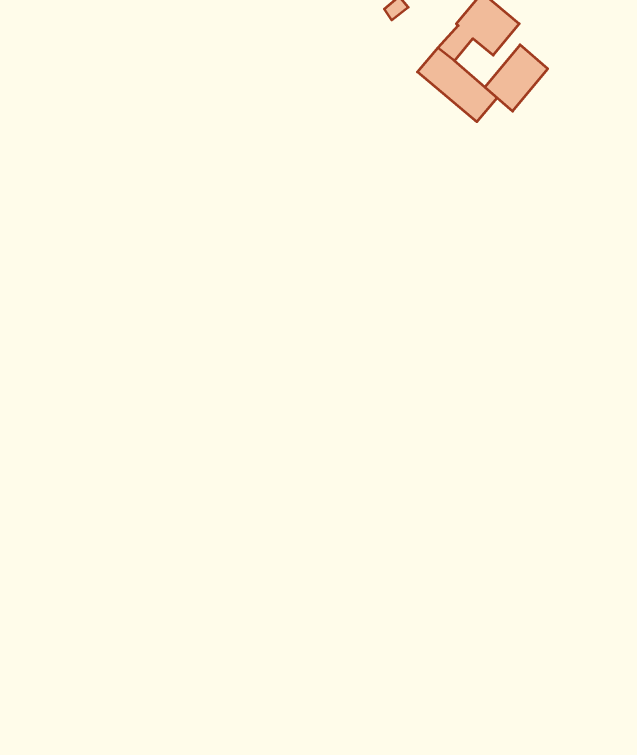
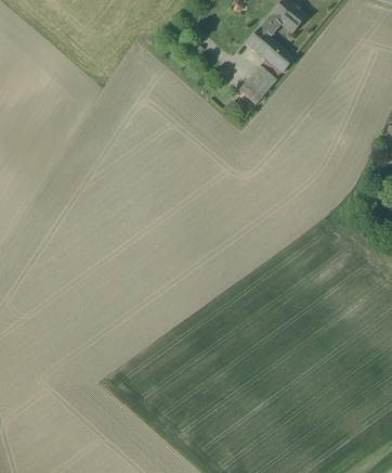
building: [485,45,548,111] -> [239,65,276,104]

